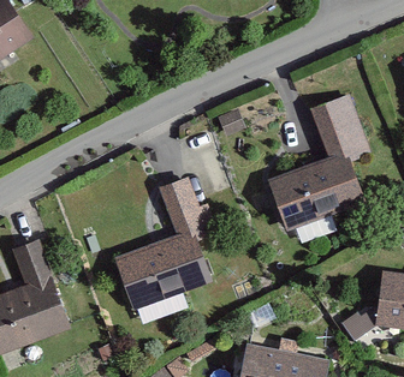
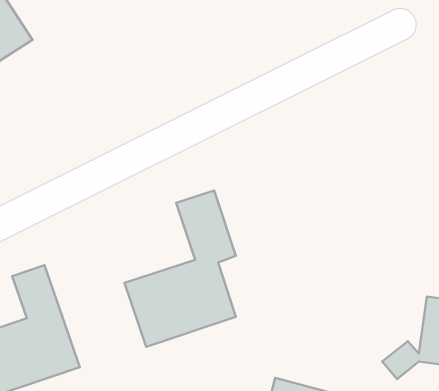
building: [268,97,370,229] -> none

